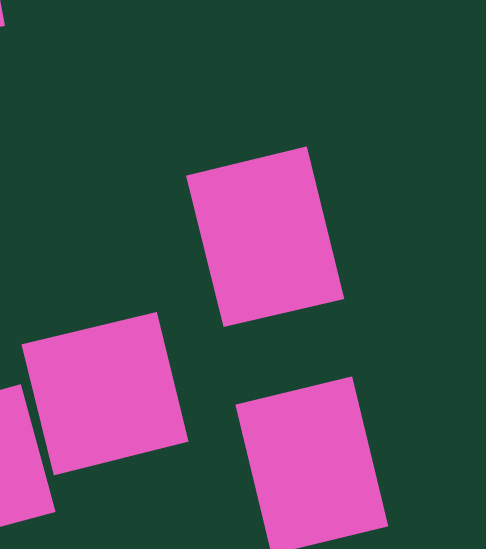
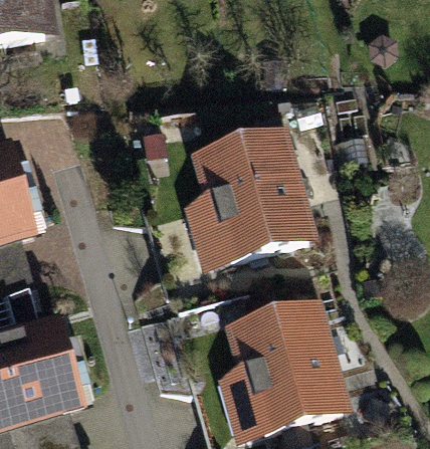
building: [21,311,189,476] -> none

